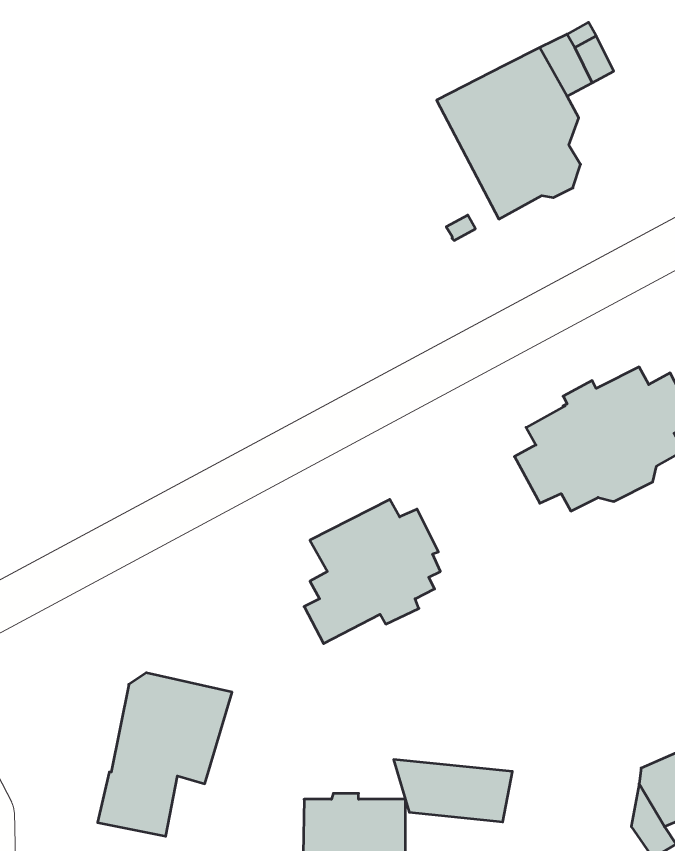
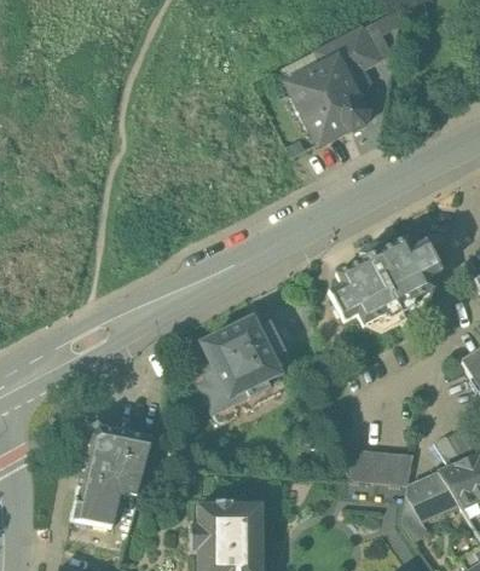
building: [394,760,512,822] -> [341,446,415,485]

